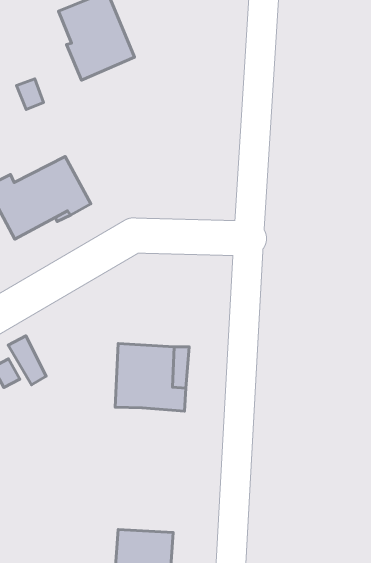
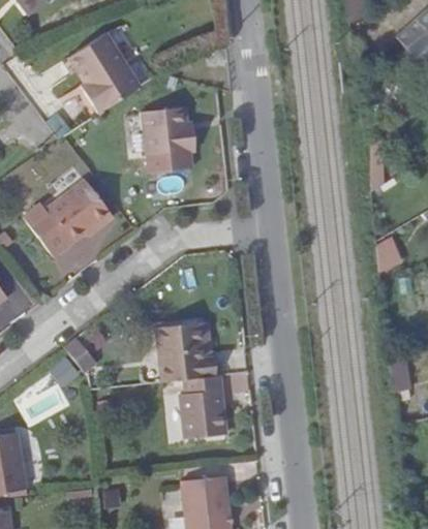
building: none -> [146,102,201,169]
building: none -> [179,375,227,441]

